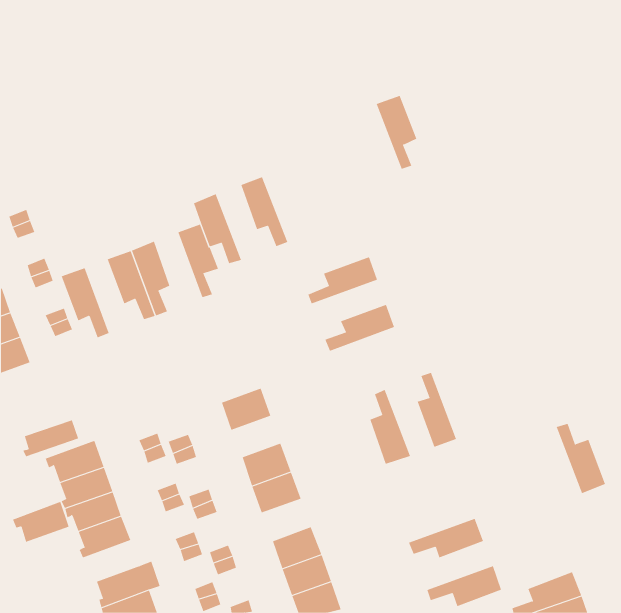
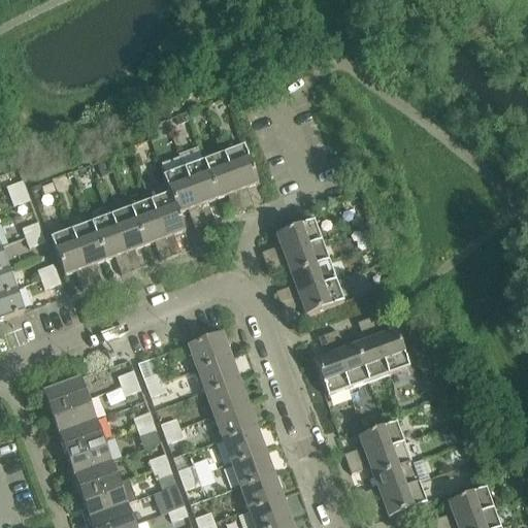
building: [376,95,417,169] -> [223,142,258,205]
building: none -> [184,157,218,221]
building: none -> [131,197,171,257]
building: none -> [72,220,105,283]
building: none -> [264,237,328,272]
building: none -> [279,277,343,311]
building: none -> [327,326,368,387]
building: none -> [196,353,238,388]
building: [22,419,79,457] -> none
building: [556,423,606,494] -> [366,312,408,372]
building: none -> [343,419,403,460]
building: none -> [222,423,264,459]
building: [12,501,69,543] -> [70,458,119,493]
building: none -> [358,459,419,500]

